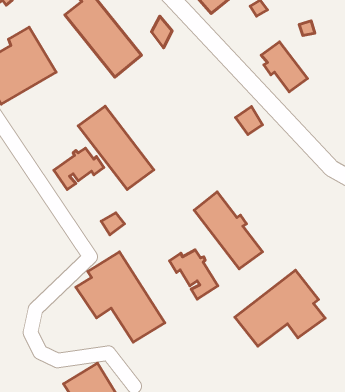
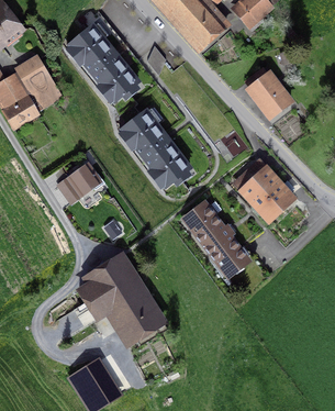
building: [78,106,154,189] -> [122,111,190,186]
building: none -> [241,166,295,222]
building: [170,250,218,299] -> none
building: [235,270,325,346] -> none

